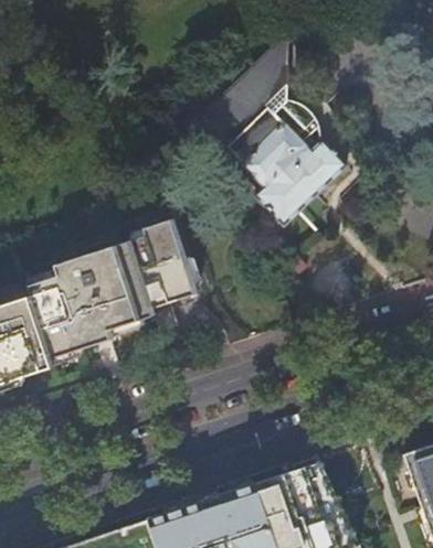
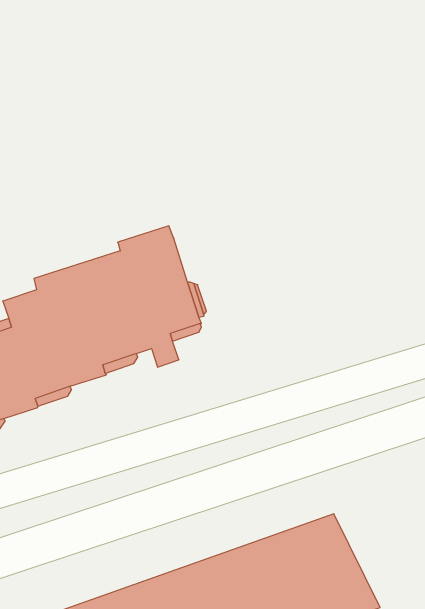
building: [203,53,347,226] -> none

